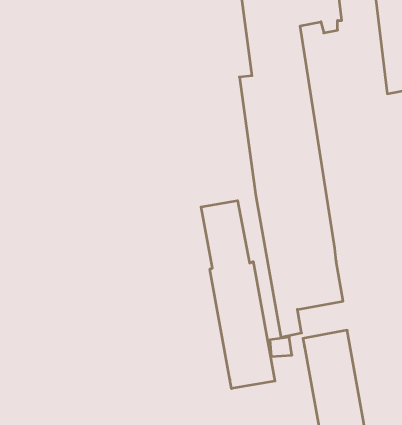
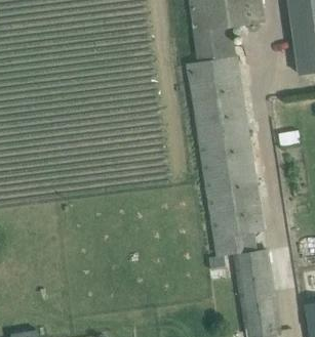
building: [201,201,275,389] -> none

